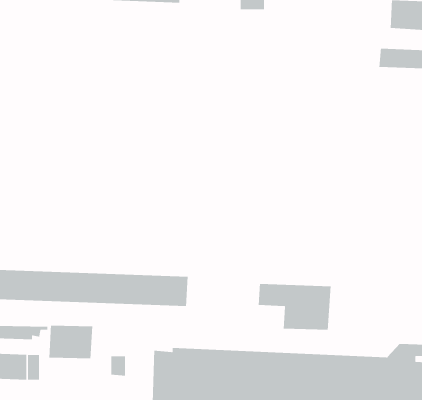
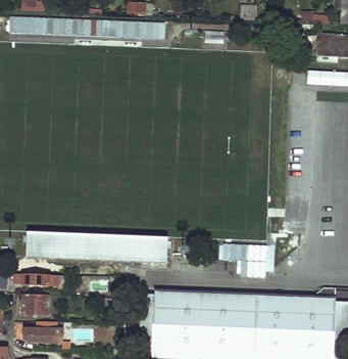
building: [48,325,93,359] -> none

